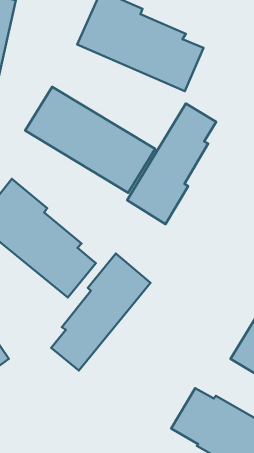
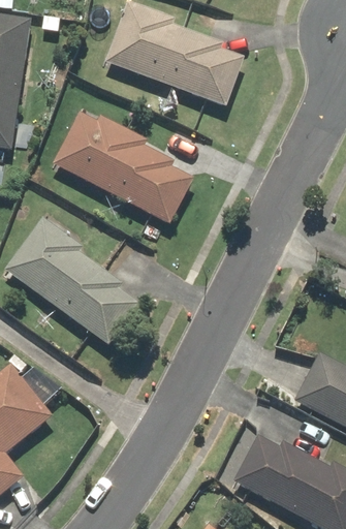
building: [127,103,216,224] -> none
building: [51,253,151,370] -> none

